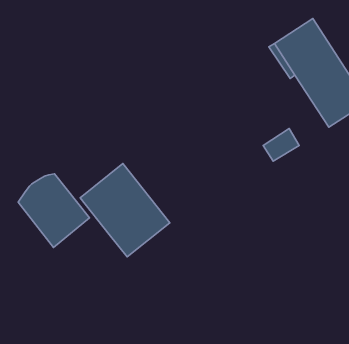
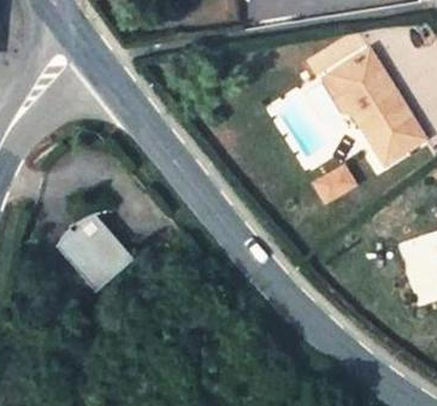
building: [80,164,170,257] -> none

